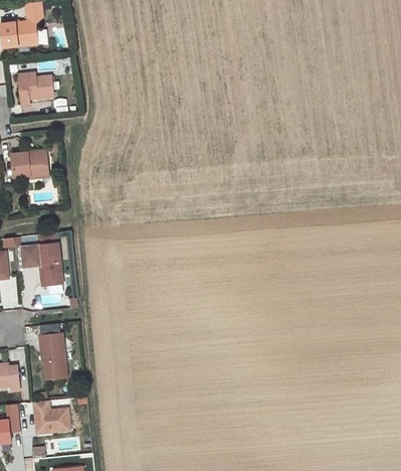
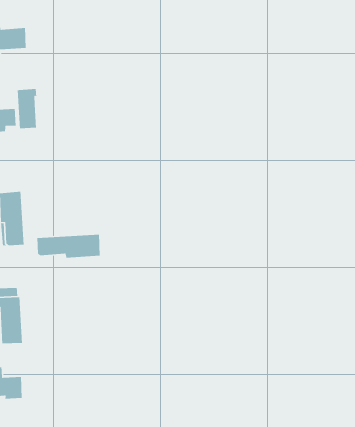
building: none -> [17,88,37,129]
building: none -> [36,234,101,258]

